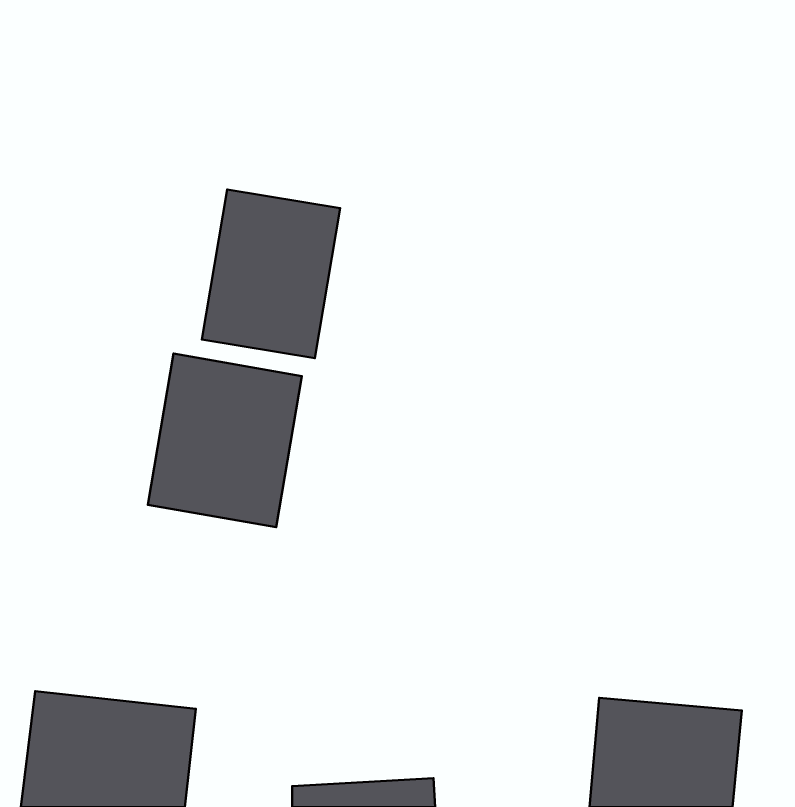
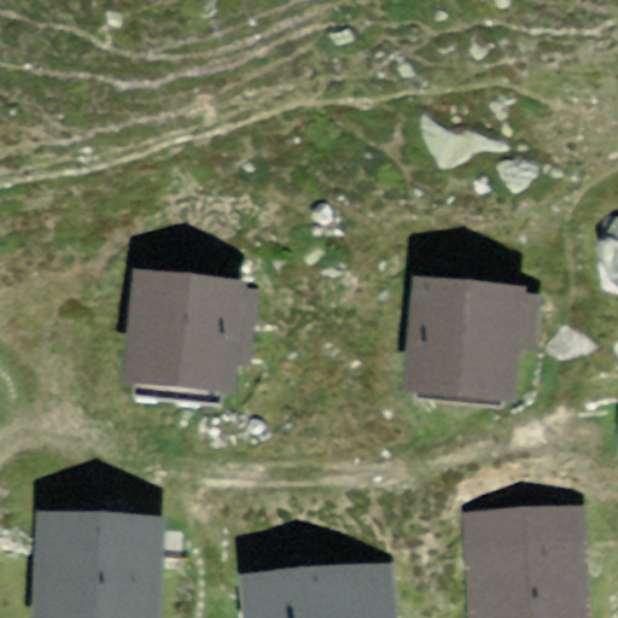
building: [202,190,340,358] -> none
building: none -> [408,286,515,401]

